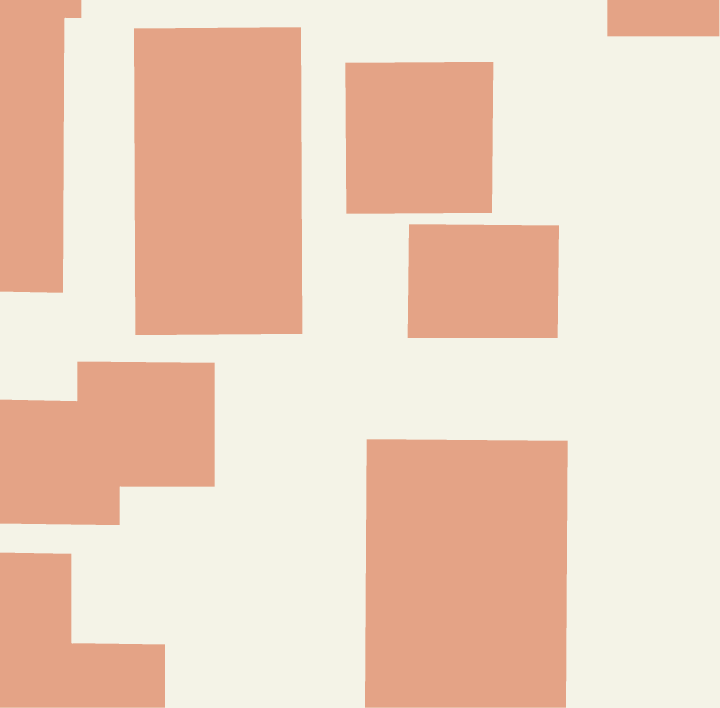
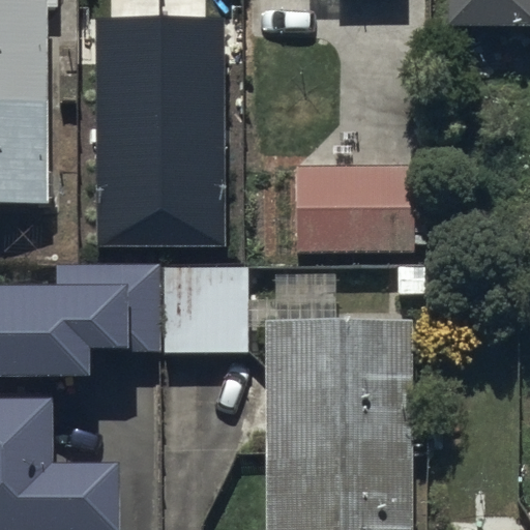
building: [345,61,494,215] -> none
building: none -> [168,266,244,347]

